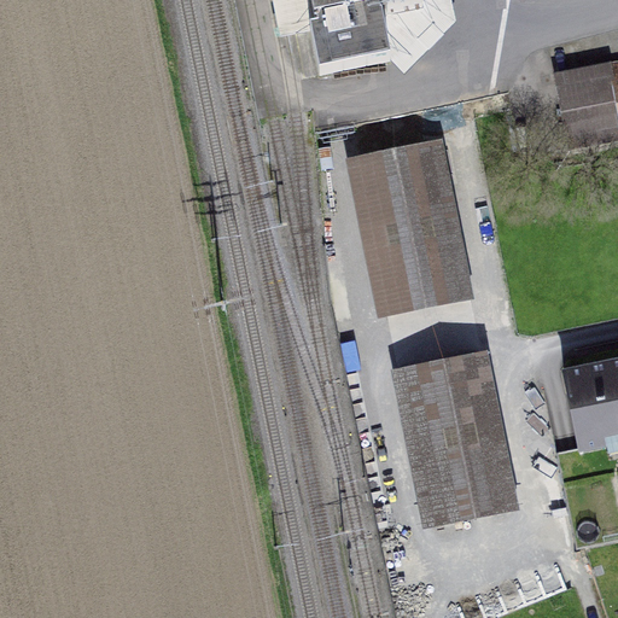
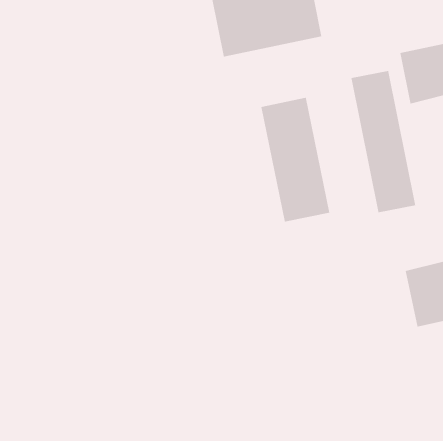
building: none -> [351,70,416,213]
building: [403,350,507,519] -> none

